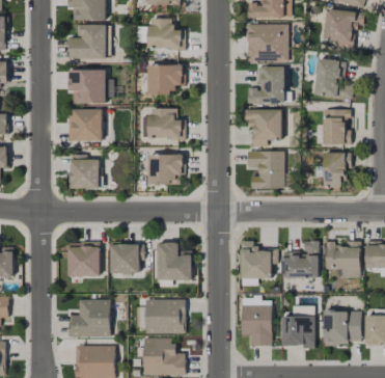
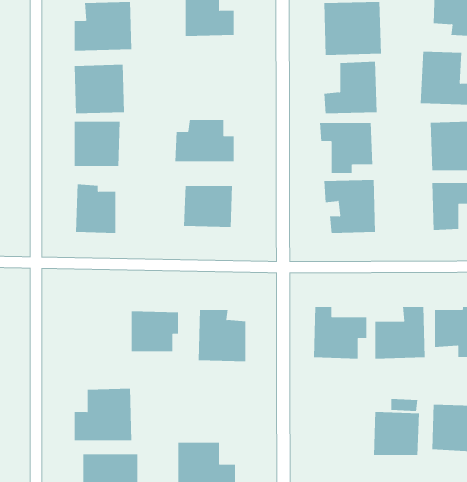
building: [147,64,183,95] -> none
building: [67,242,101,276] -> none
building: [145,299,186,334] -> none
building: [241,305,272,346] -> none

